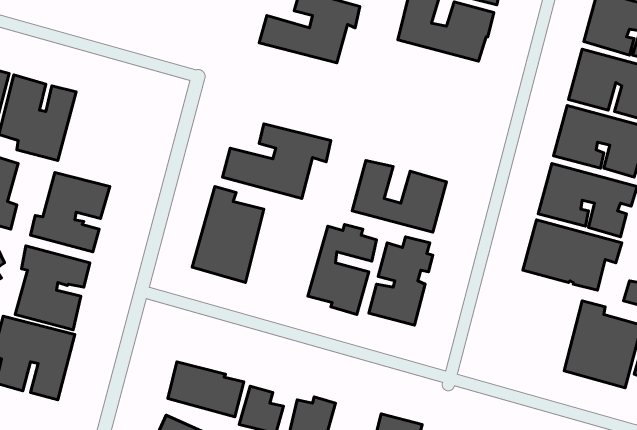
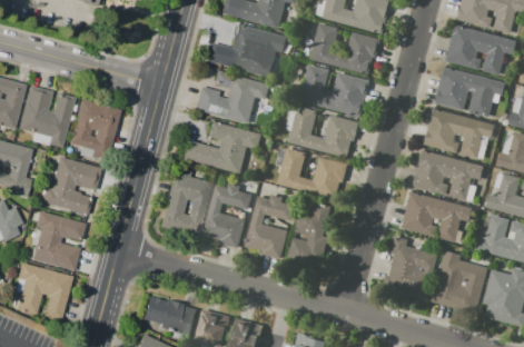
building: none -> [298,63,369,117]
building: none -> [195,69,269,123]
building: none -> [68,98,119,161]
building: none -> [287,106,358,158]
building: none -> [201,182,251,247]
building: none -> [380,235,438,299]

